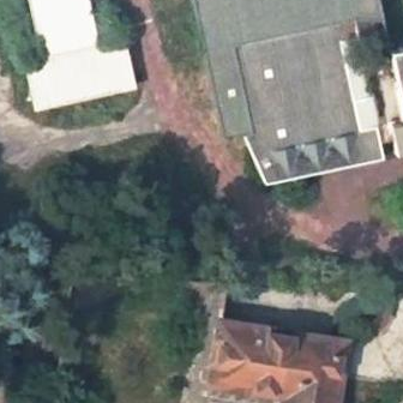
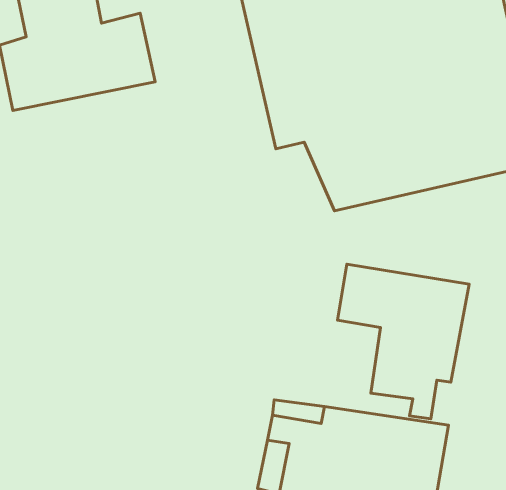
building: none -> [338,264,469,419]

